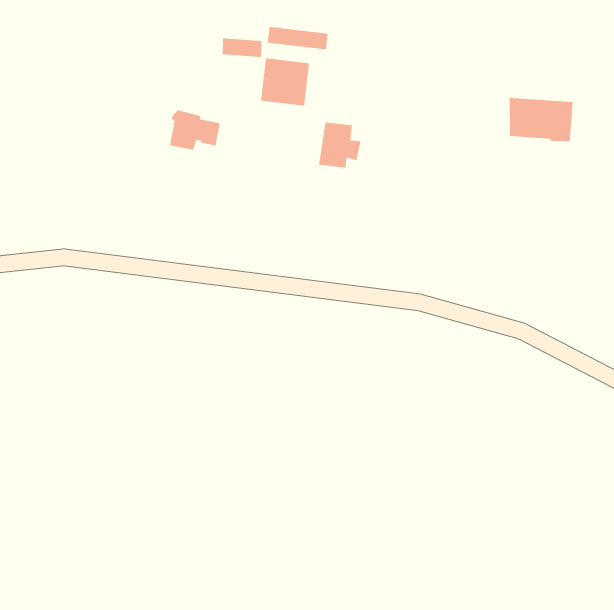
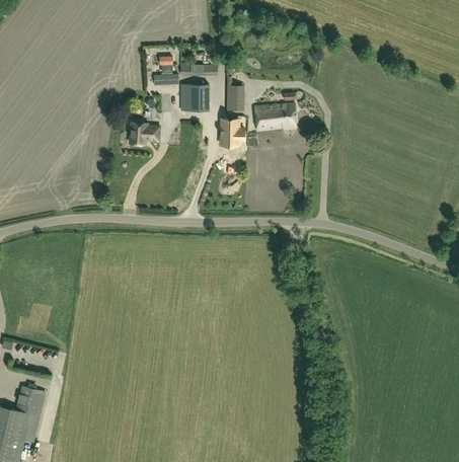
building: none -> [227,76,244,109]
building: [509,98,574,142] -> [255,103,296,129]

